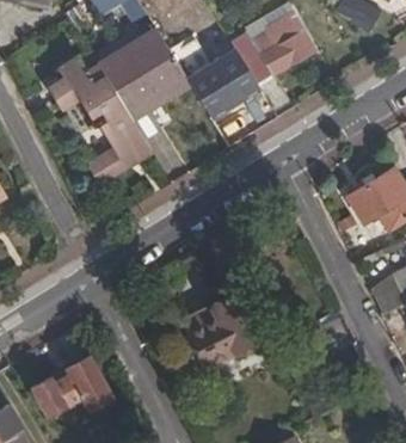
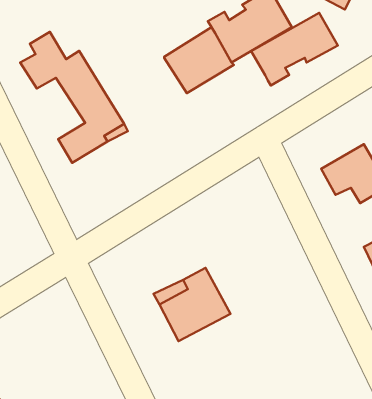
building: [99,29,190,116] -> none
building: none -> [251,13,338,85]
building: [30,356,107,416] -> none

